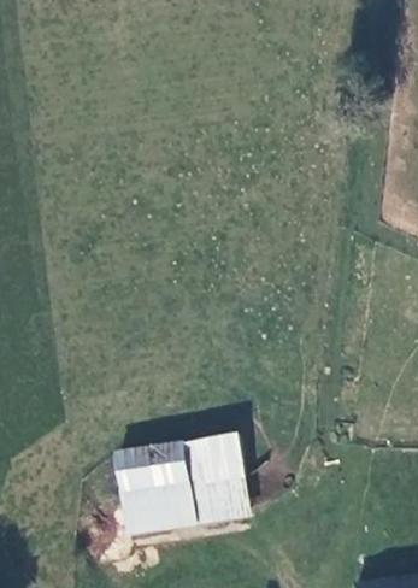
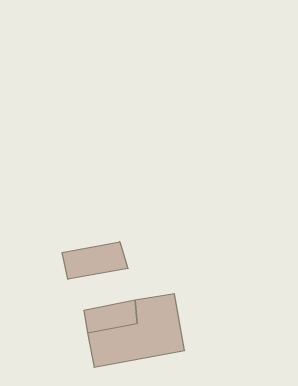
building: none -> [62,242,128,279]

